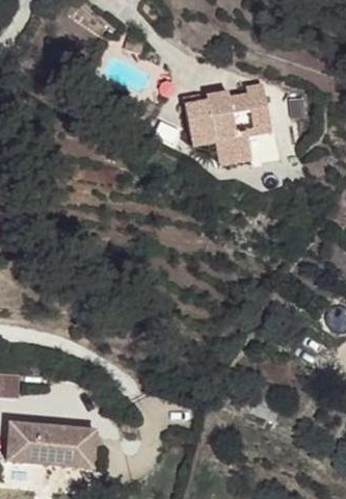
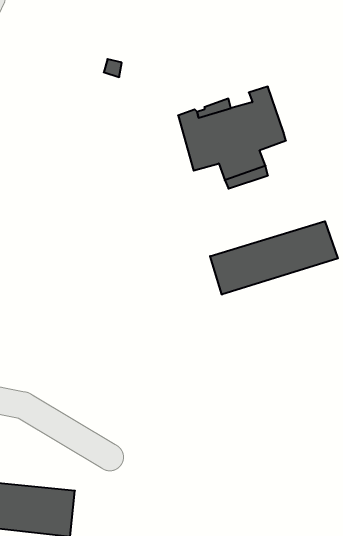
building: none -> [210,221,338,295]

